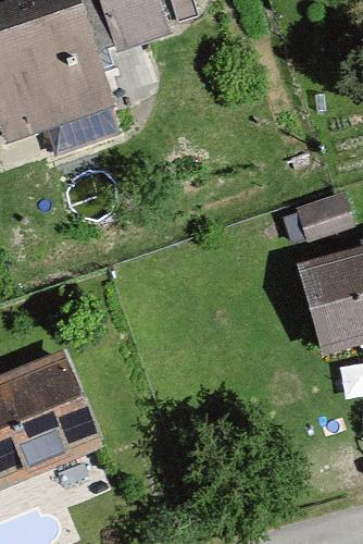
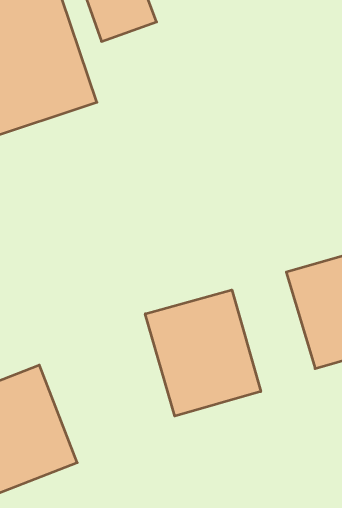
building: none -> [145,290,261,416]

